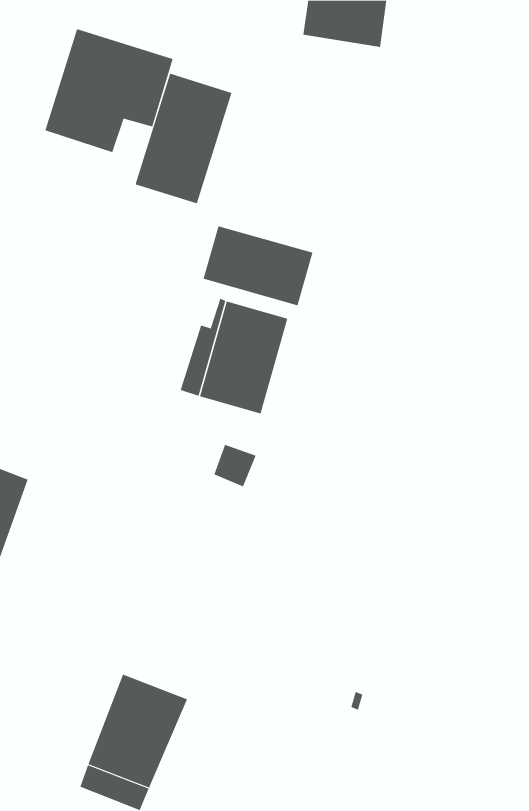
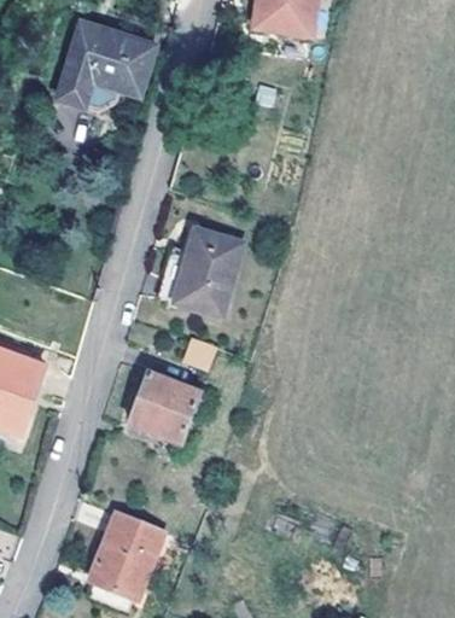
building: [135,73,232,204] -> none
building: [203,225,313,306] -> none
building: none -> [129,371,200,441]

